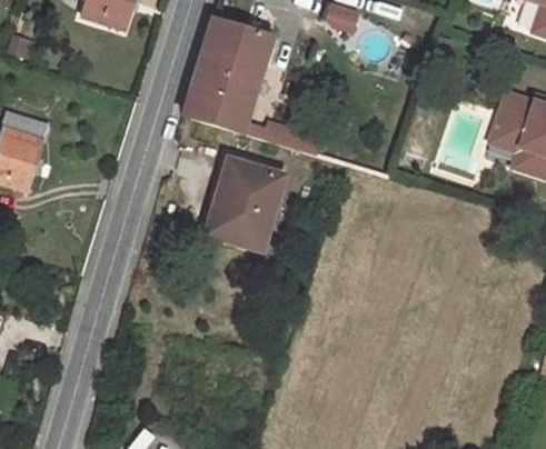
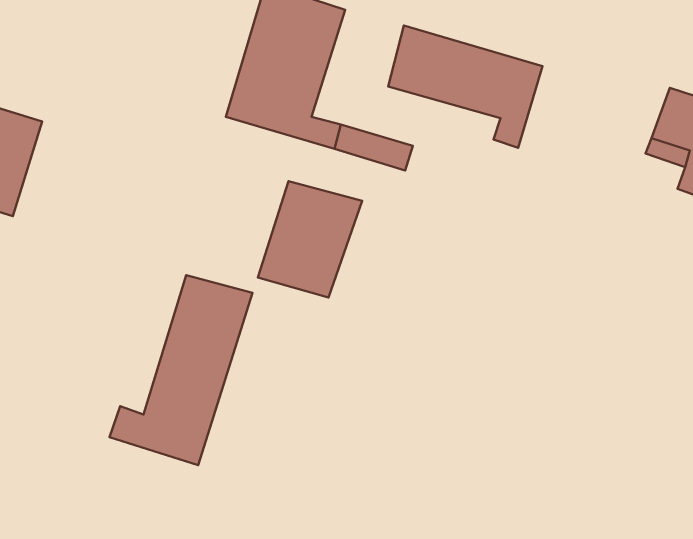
building: none -> [388,26,542,148]
building: none -> [110,275,252,465]

